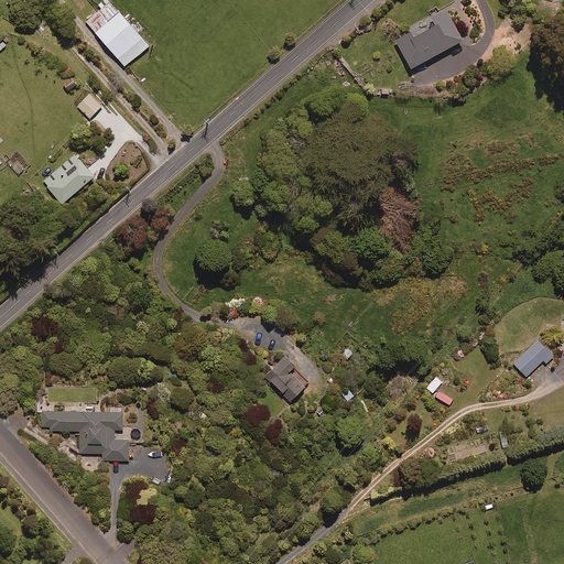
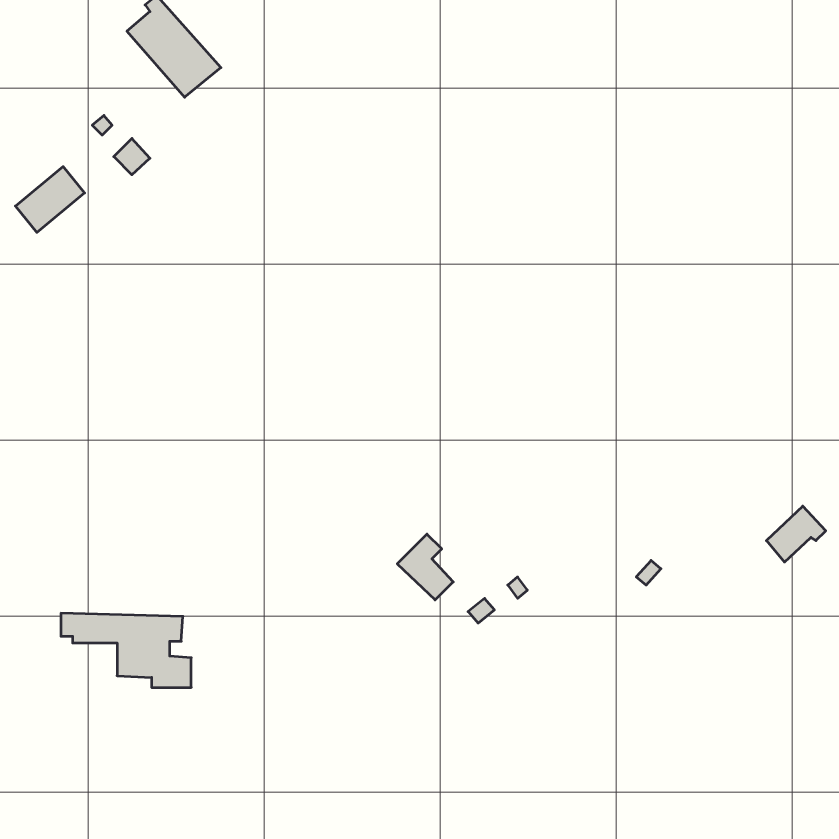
building: [394,9,463,68] -> none
building: [46,159,93,203] -> [15,167,85,232]

